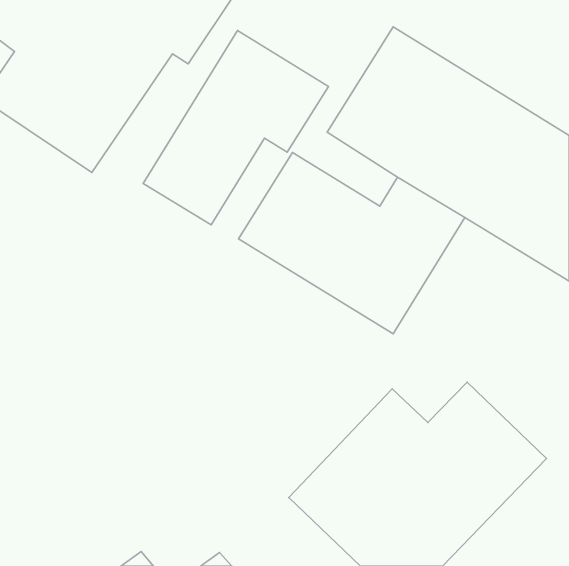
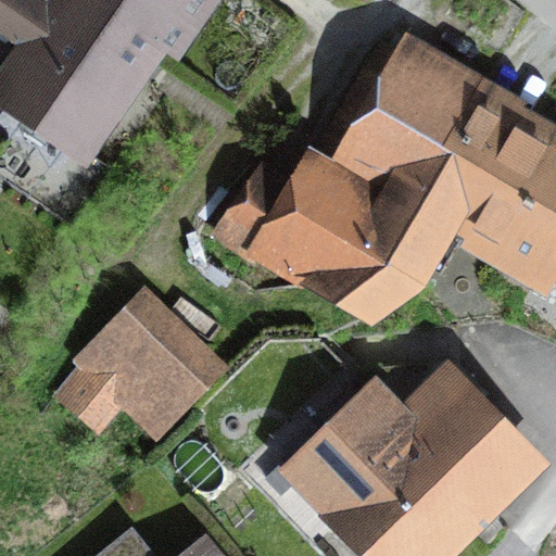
building: [143,30,329,225] -> none
building: none -> [55,287,233,450]

